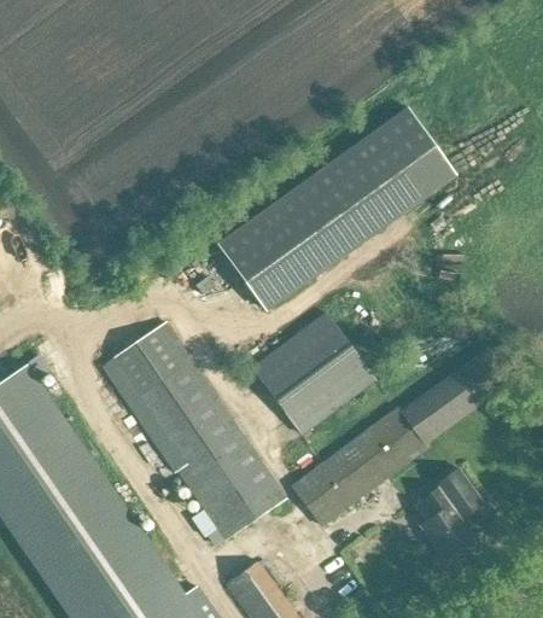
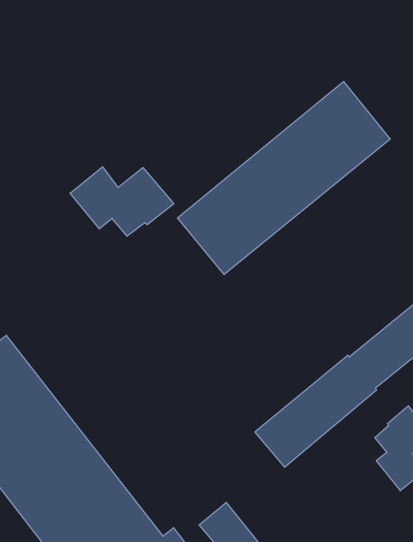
building: none -> [70,167,174,236]
building: [252,314,374,435] -> none
building: [104,322,285,540] -> none

